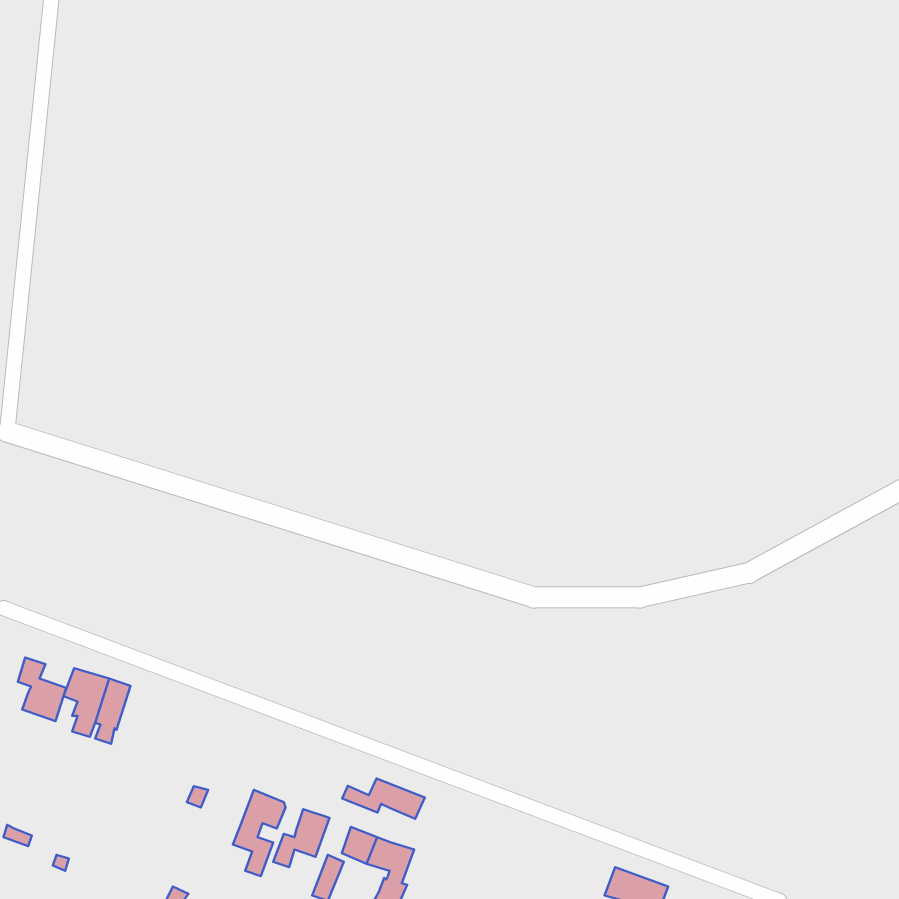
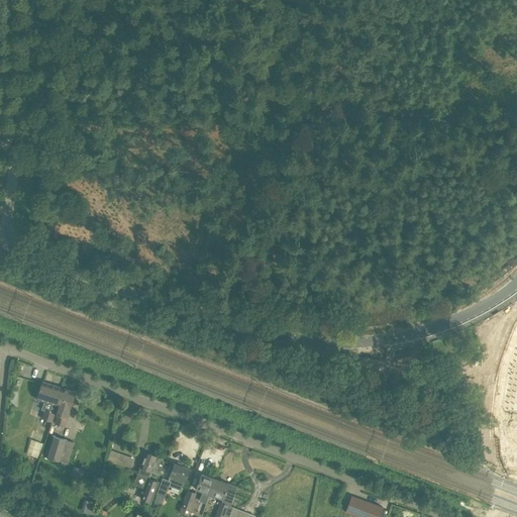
building: [18,657,66,721] -> none
building: none -> [45,436,75,466]
building: [342,778,425,819] -> none

